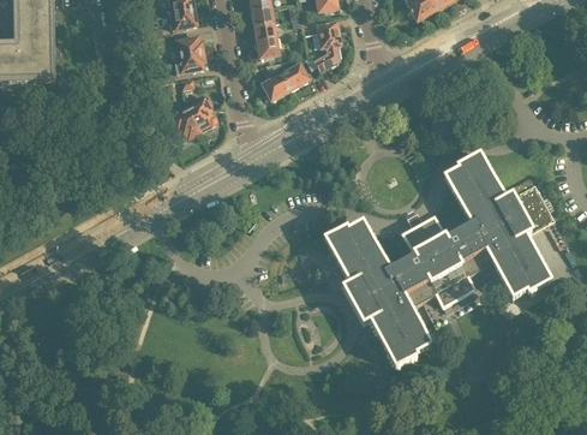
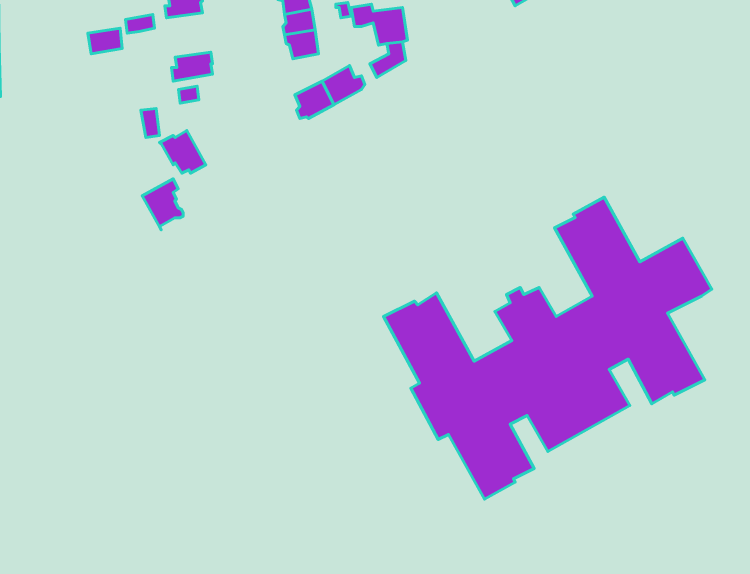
building: [170,35,203,56] -> none
building: [186,95,215,131] -> [142,179,183,230]

